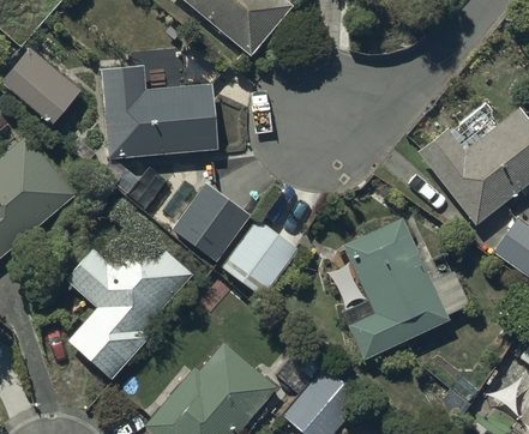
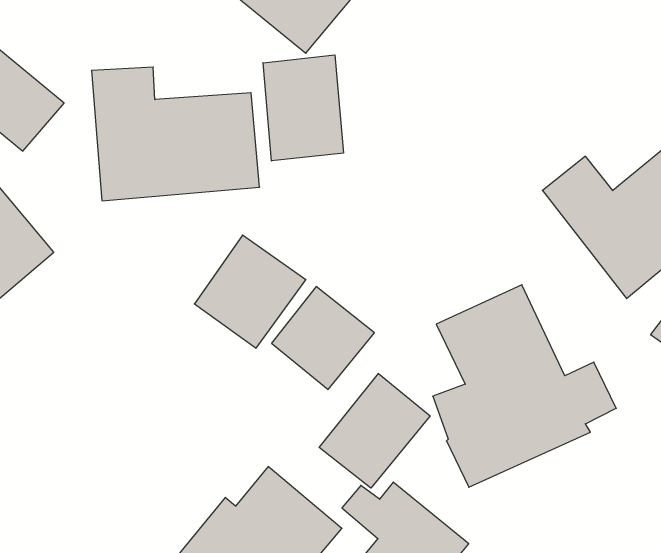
building: none -> [263,55,343,161]
building: [67,227,191,378] -> none
building: none -> [319,373,430,488]

